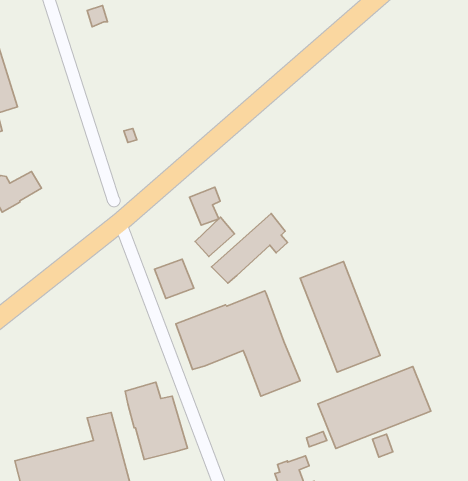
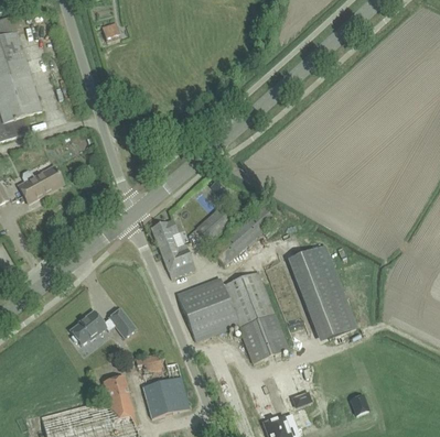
building: [190,187,220,225] -> [151,219,178,252]
building: none -> [69,308,136,345]
building: [318,367,431,449] -> none

